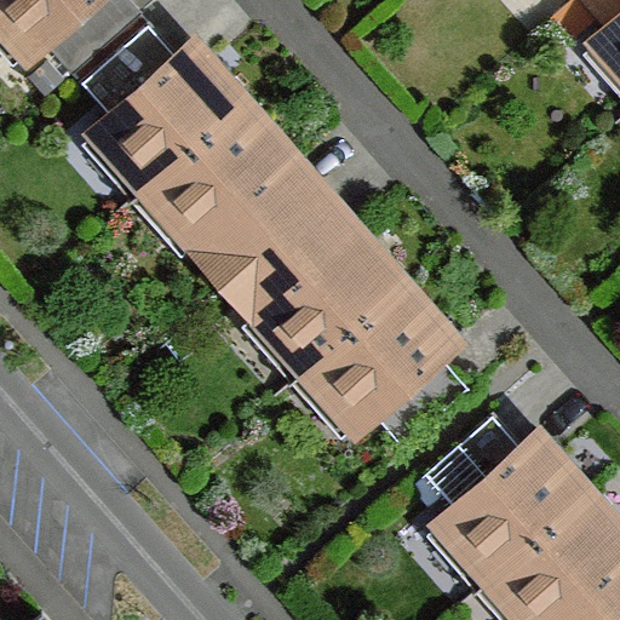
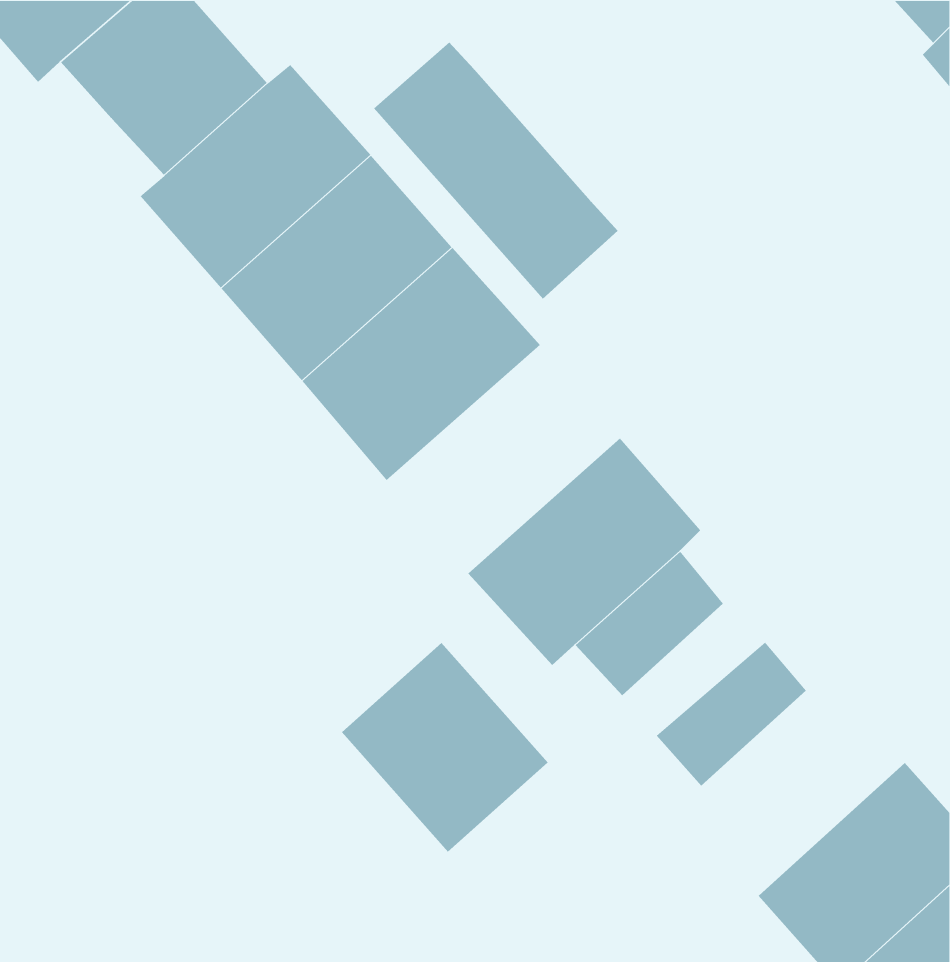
building: none -> [373,42,619,299]
building: [248,223,398,369] -> none
building: none -> [341,642,548,853]
building: [436,434,581,576] -> none

